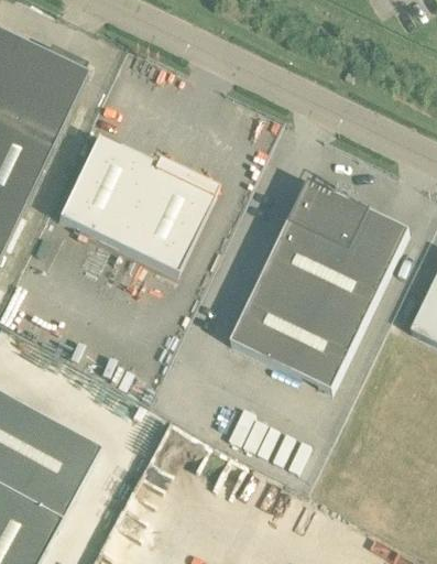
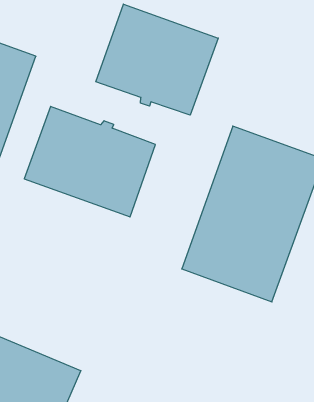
building: none -> [96,4,218,115]

